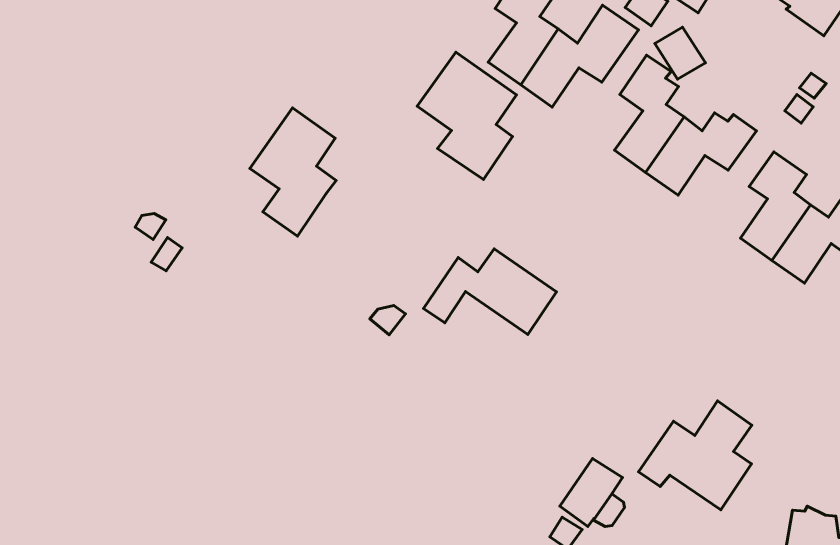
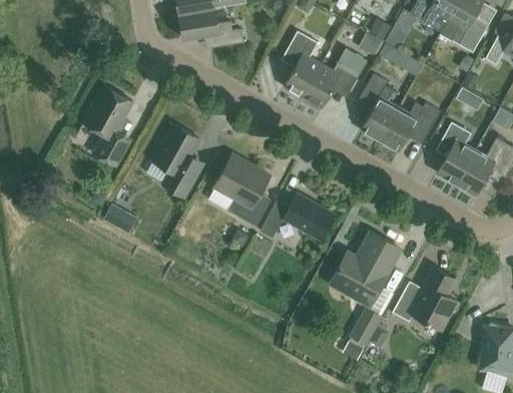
building: none -> [83,85,133,165]
building: [417,52,517,179] -> [214,153,271,225]
building: none -> [331,232,401,305]

